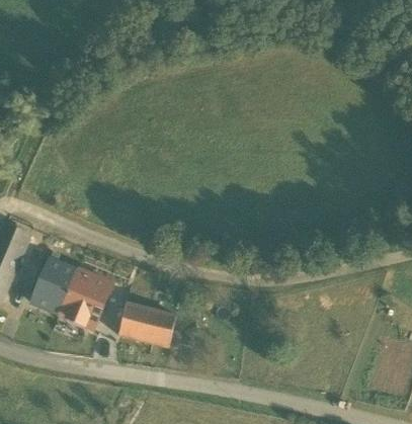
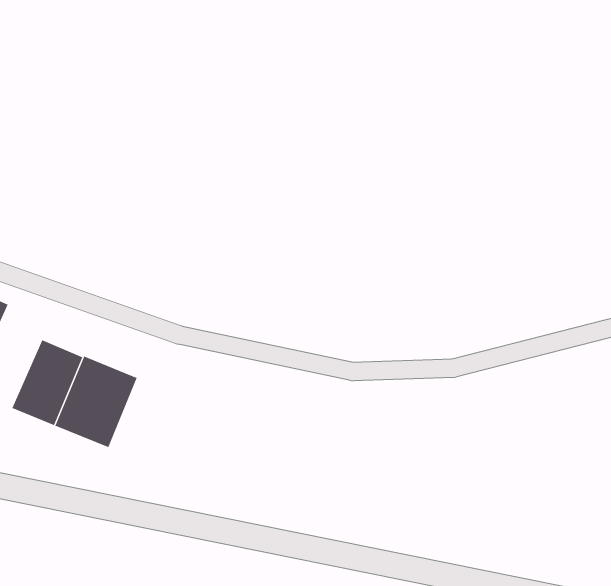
building: [116,302,175,346] -> none

